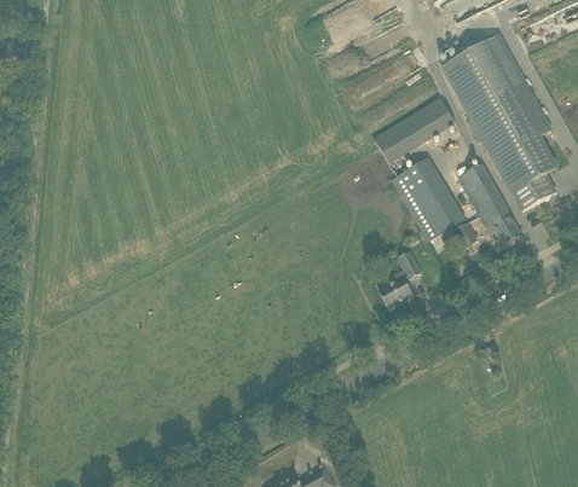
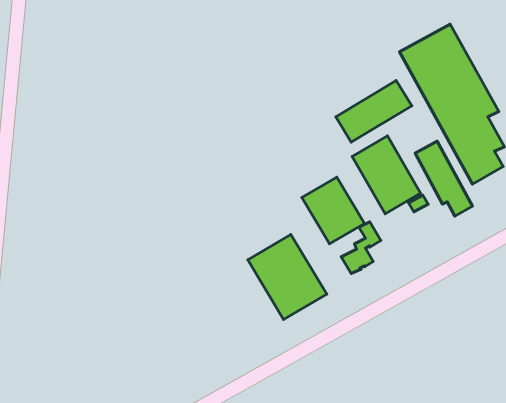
building: none -> [302,177,365,244]
building: none -> [248,234,327,320]

